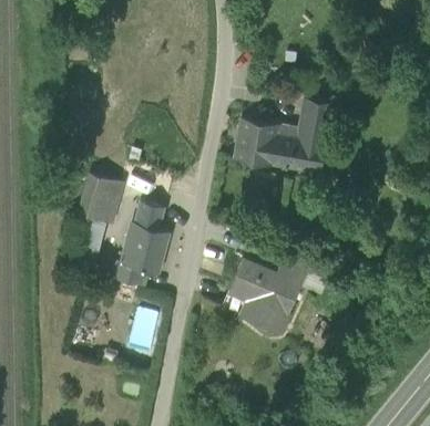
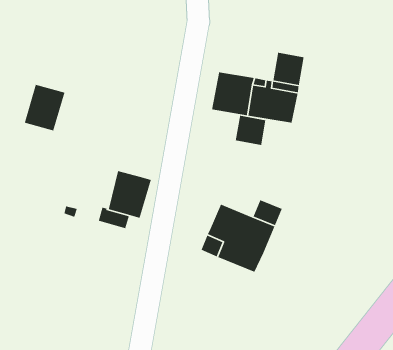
building: none -> [235,115,266,146]
building: [78,173,122,224] -> [24,84,65,132]
building: [134,200,165,229] -> none

